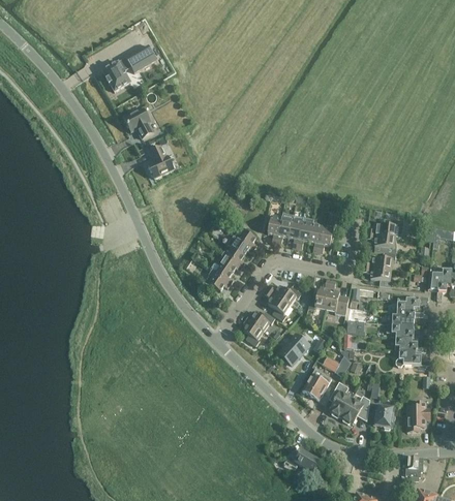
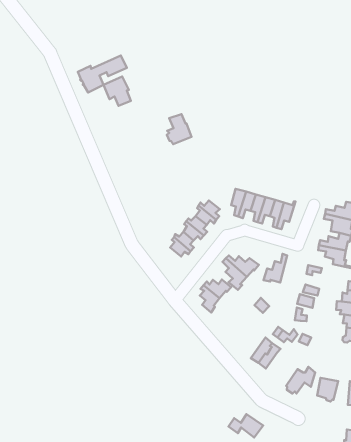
building: [102,49,153,90] -> [78,56,127,92]
building: [146,146,172,178] -> [167,114,191,144]
building: [326,279,350,314] -> none
building: [278,333,309,364] -> none
building: [330,380,352,416] -> none

